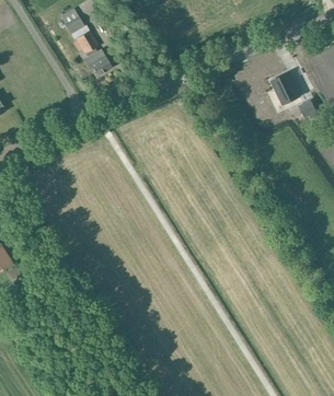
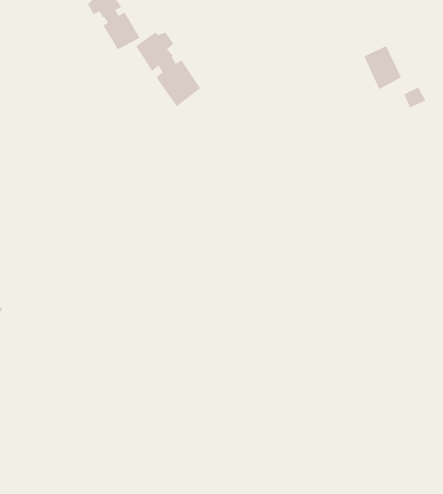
building: none -> [135,31,201,107]

